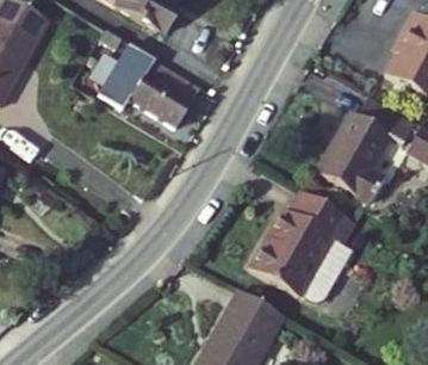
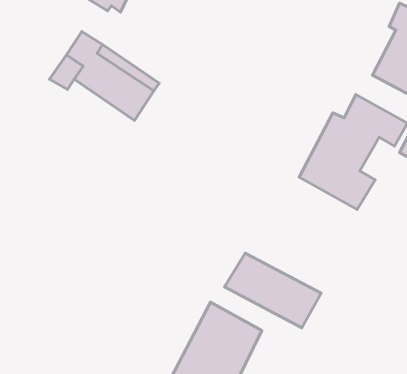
building: [271,197,362,283] -> none

